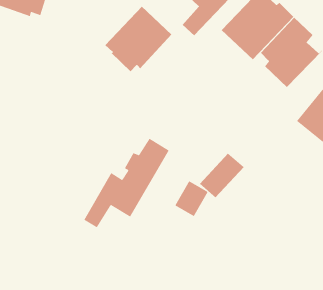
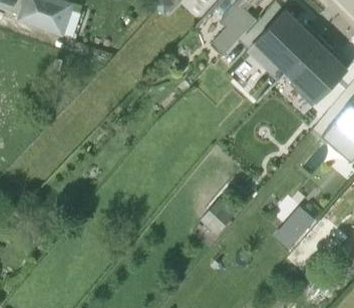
building: [105,6,172,72] -> none
building: [83,138,169,228] -> none
building: [199,153,244,198] -> [275,202,319,246]

